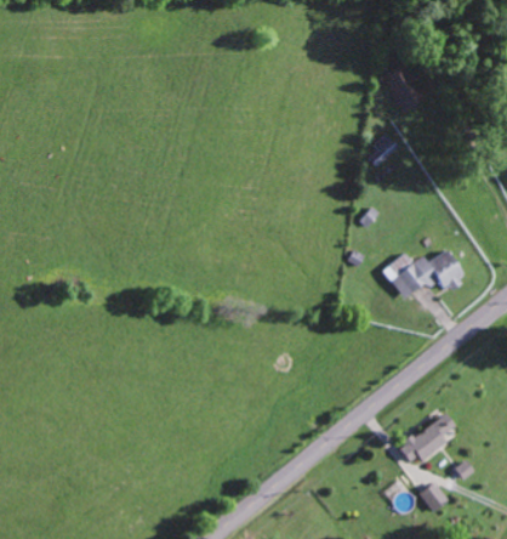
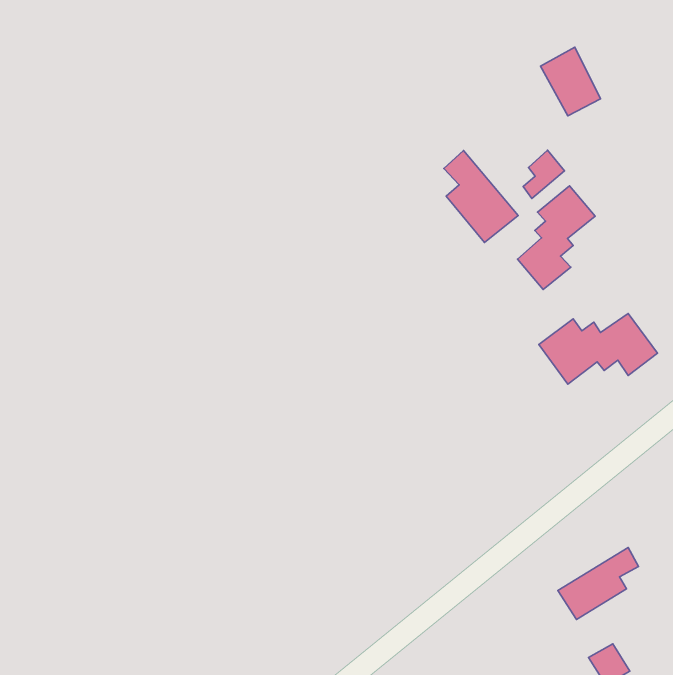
building: none -> [444,151,518,243]
building: none -> [518,186,595,290]

